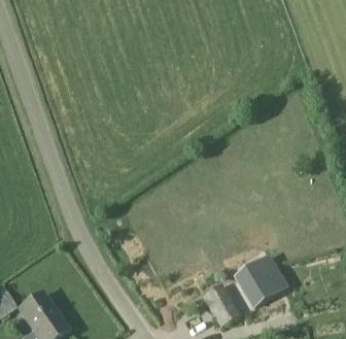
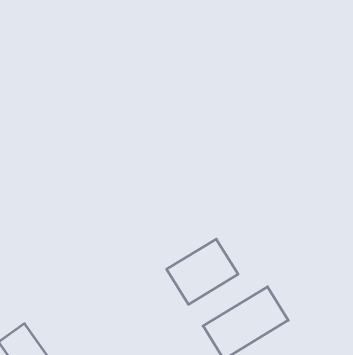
building: none -> [167,239,238,304]

